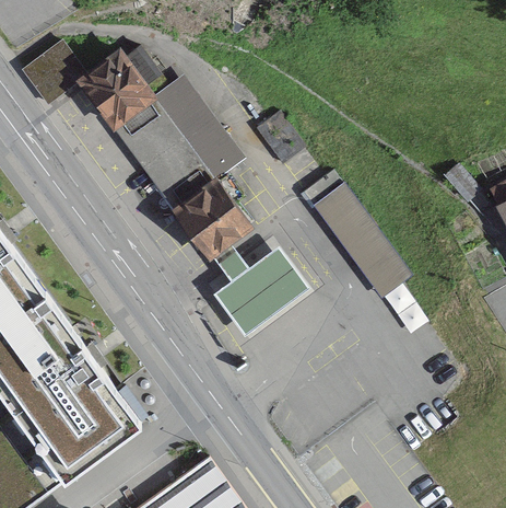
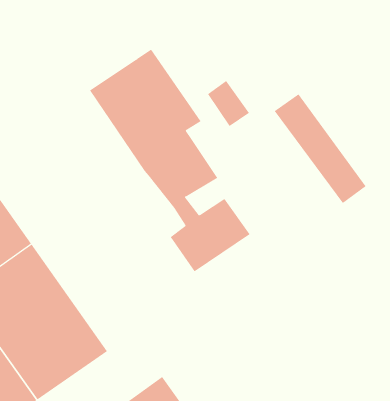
building: [25,38,169,123] -> none
building: [298,168,408,298] -> [274,94,367,204]

